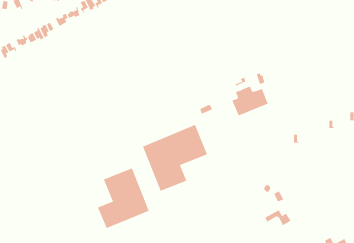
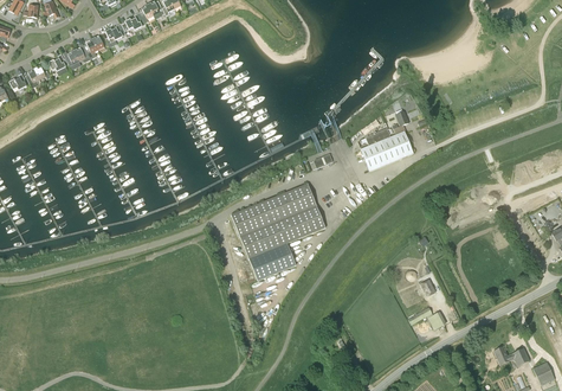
building: [97,167,149,229] -> none

